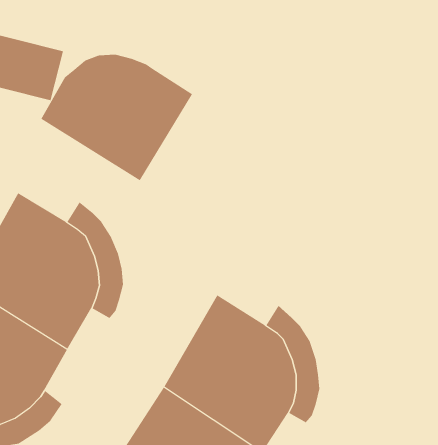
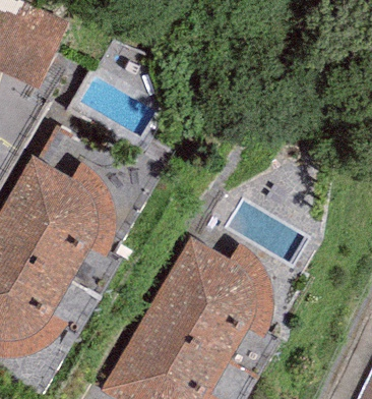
building: [41,54,193,181] -> none

